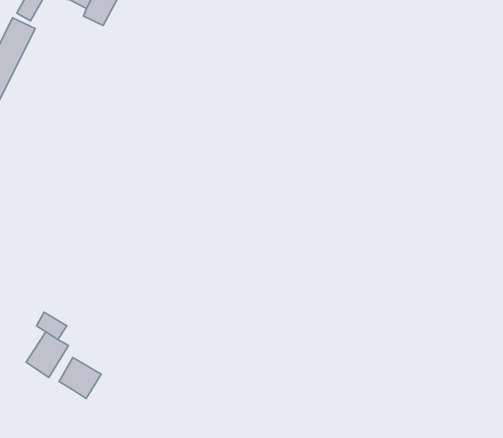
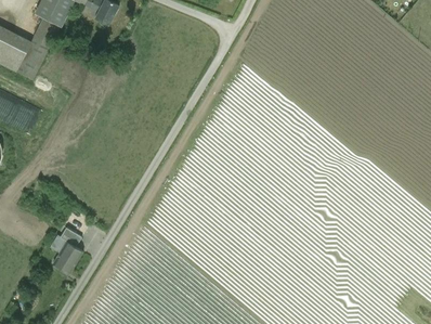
building: [59,357,101,399] -> none

